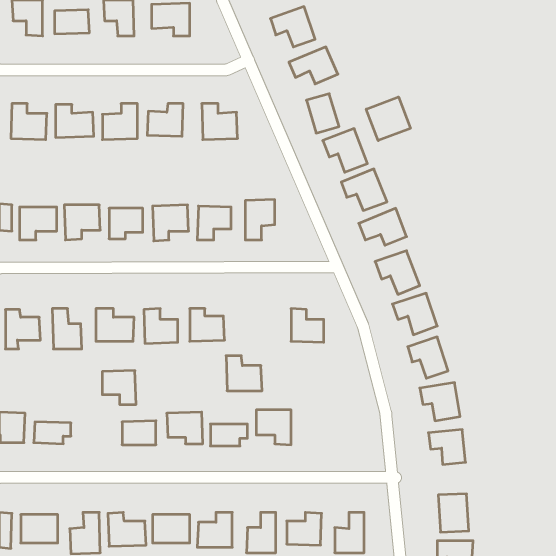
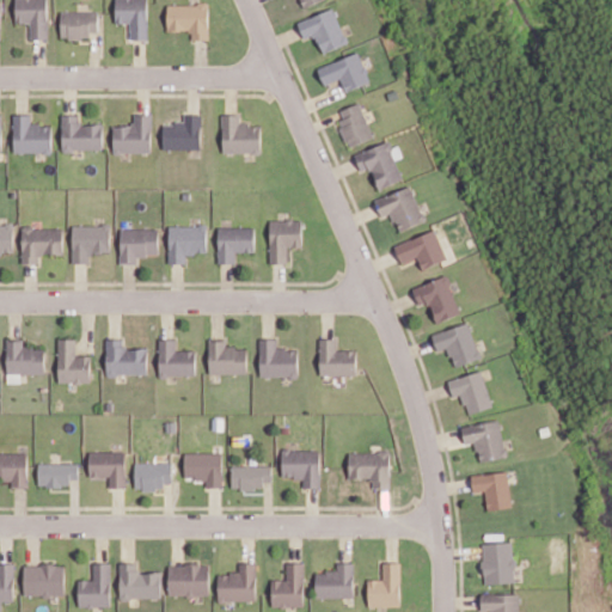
building: [366,97,410,141] -> none
building: [226,356,262,391] -> [258,339,298,378]
building: [102,371,136,404] -> [88,452,126,489]
building: none -> [348,452,388,489]

